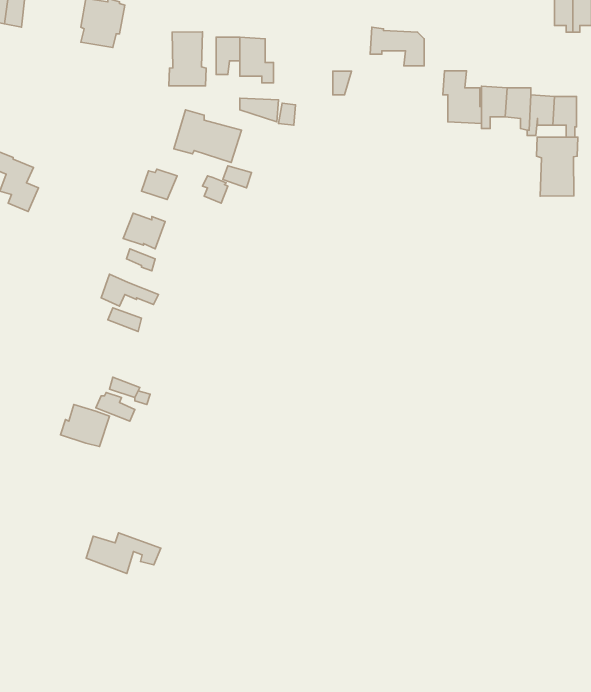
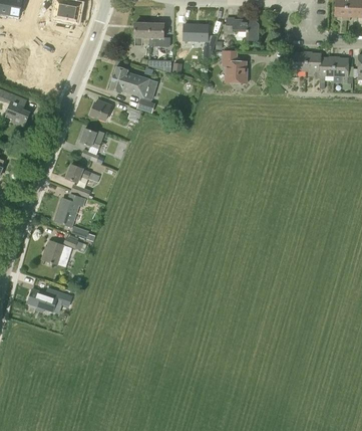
building: [169,32,206,86] -> none
building: none -> [184,24,208,41]
building: [443,71,482,123] -> [223,51,246,82]
building: [537,137,578,196] -> none
building: none -> [53,194,84,230]
building: [86,533,161,573] -> [28,287,72,311]

